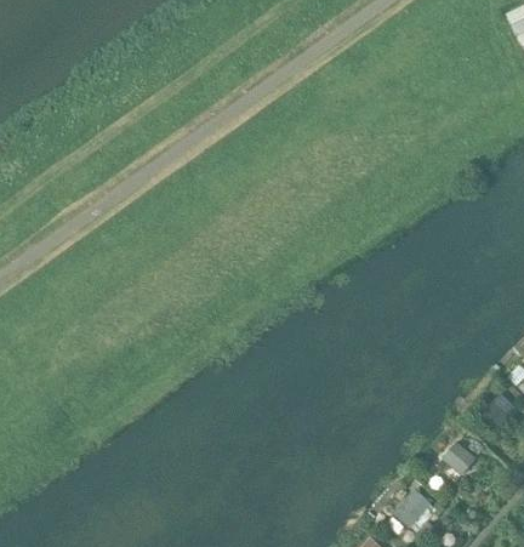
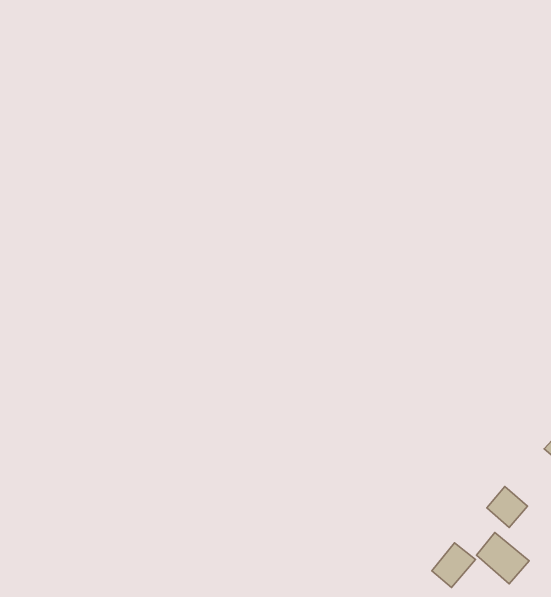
building: none -> [476,532,529,584]

